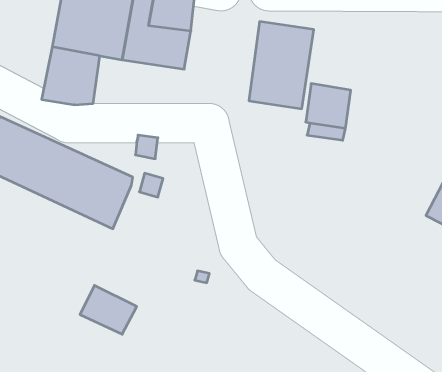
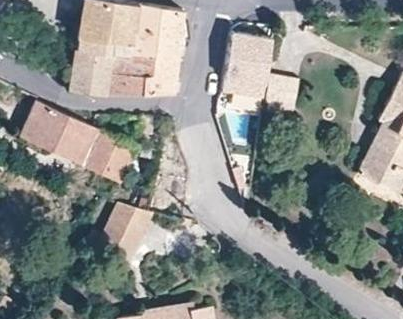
building: none -> [106,54,175,90]
building: none -> [107,201,154,244]

